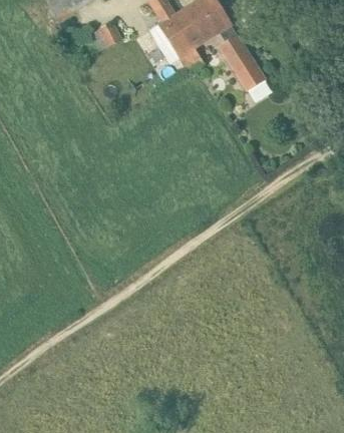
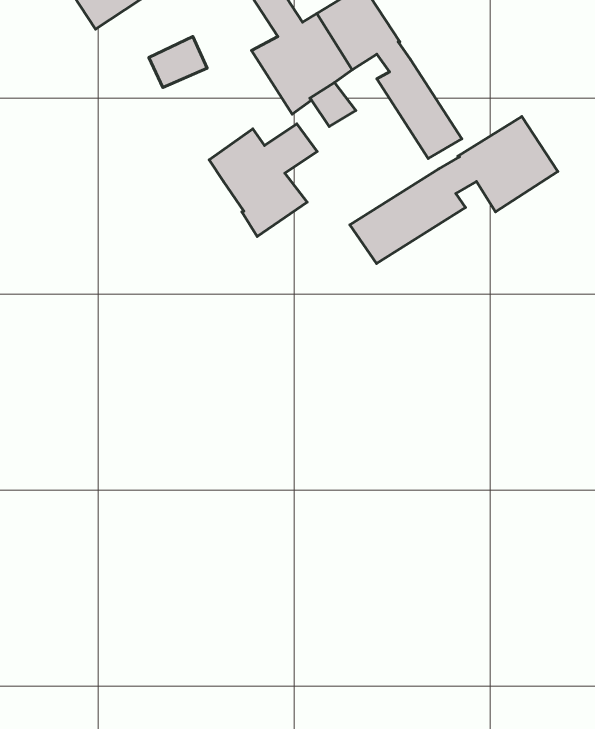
building: none -> [350,117,558,264]
building: none -> [209,124,317,236]

